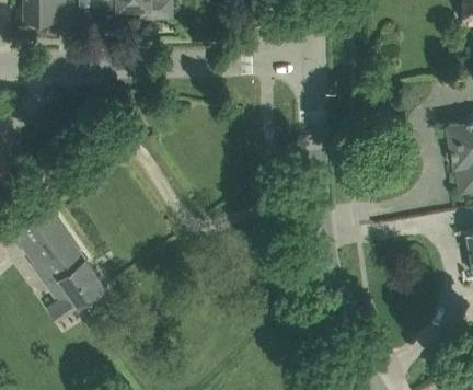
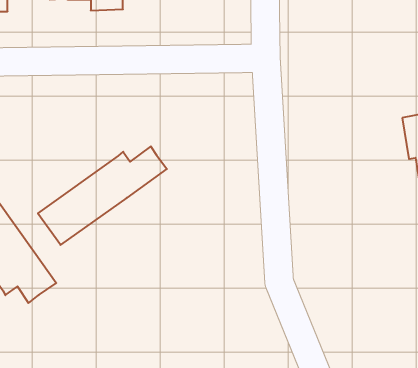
building: none -> [38,146,167,245]

